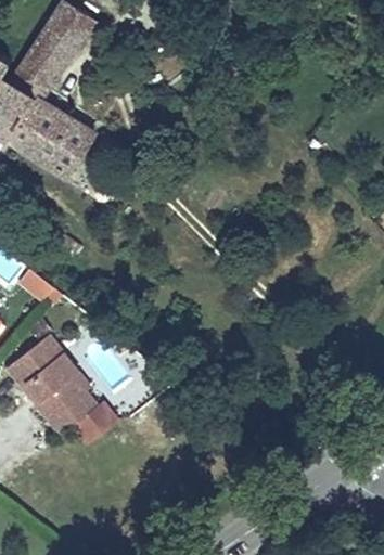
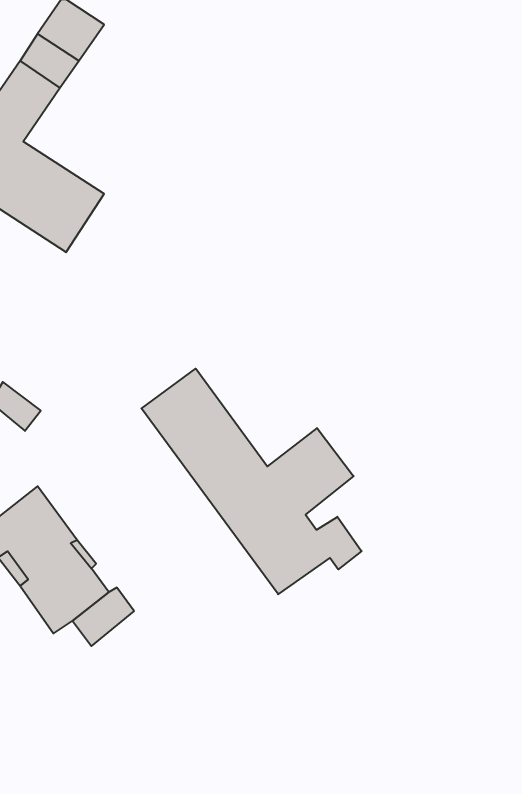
building: none -> [141,369,362,594]

